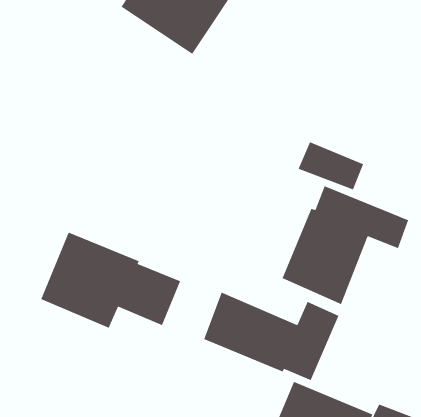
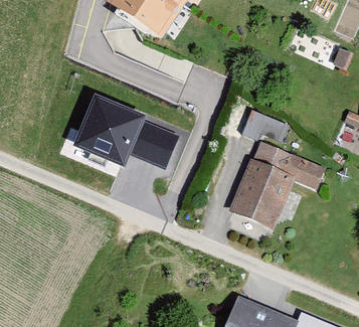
building: [40,232,181,329] -> [71,98,178,171]
building: [203,292,339,381] -> none

